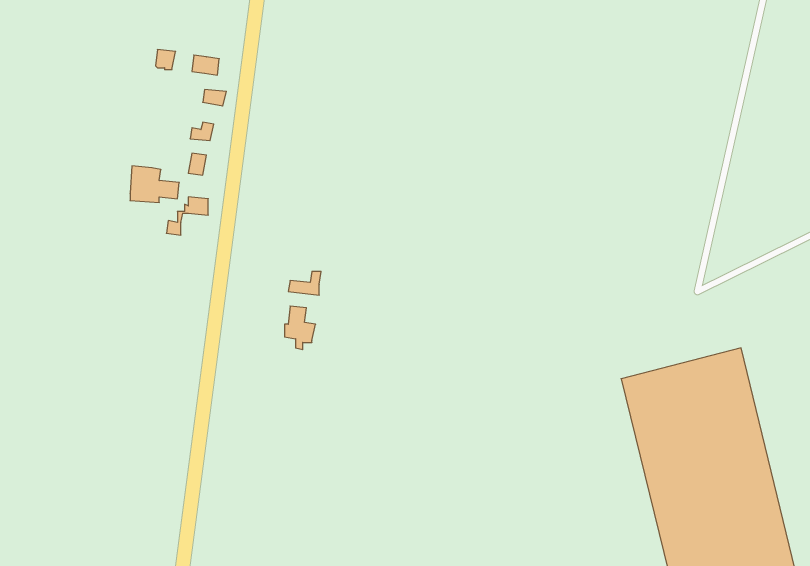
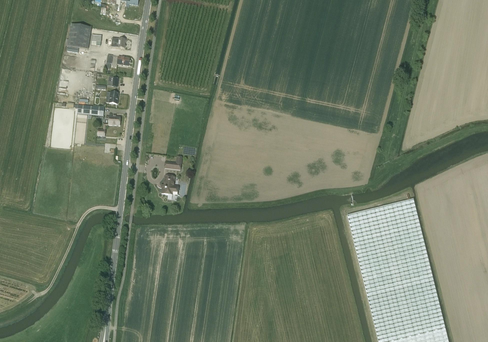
building: none -> [67,23,91,49]

